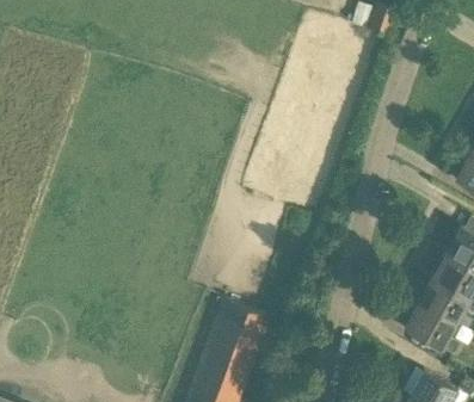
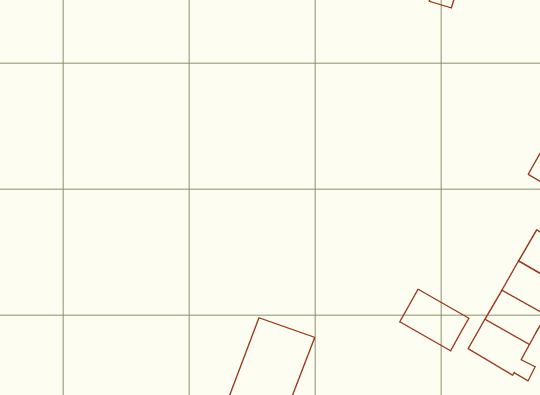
building: none -> [400,289,469,351]

